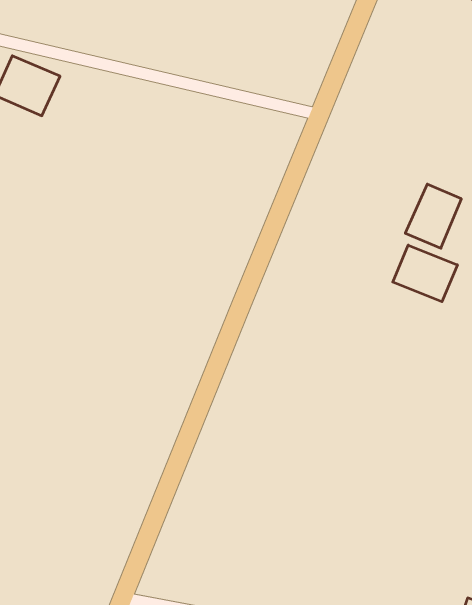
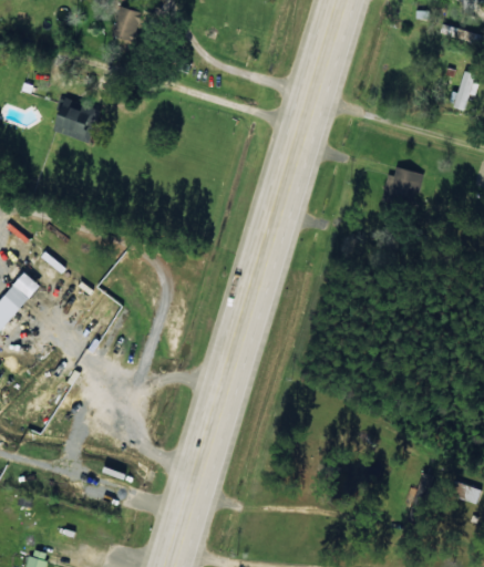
building: [393,245,457,302] -> none

